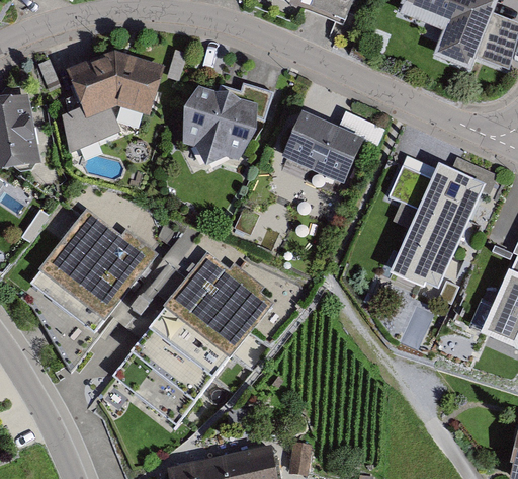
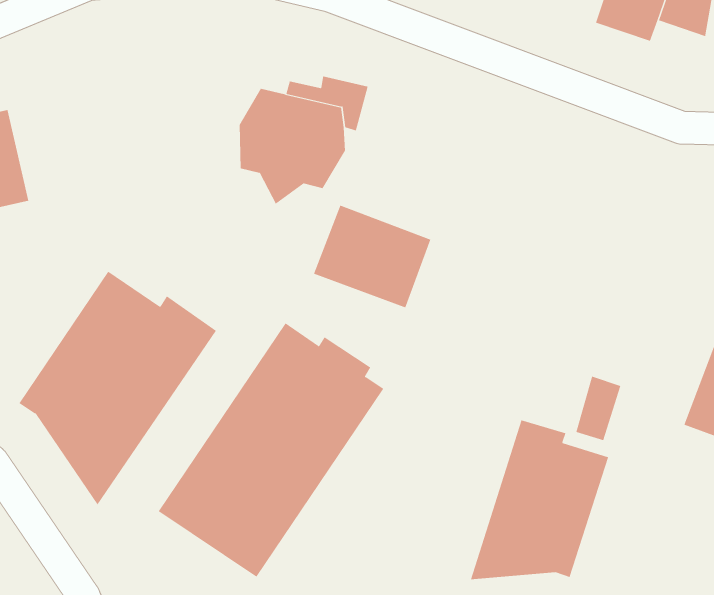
building: [62,47,161,147] -> none
building: [281,113,364,187] -> [313,205,431,308]
building: [388,155,486,294] -> none
building: none -> [470,419,609,580]

